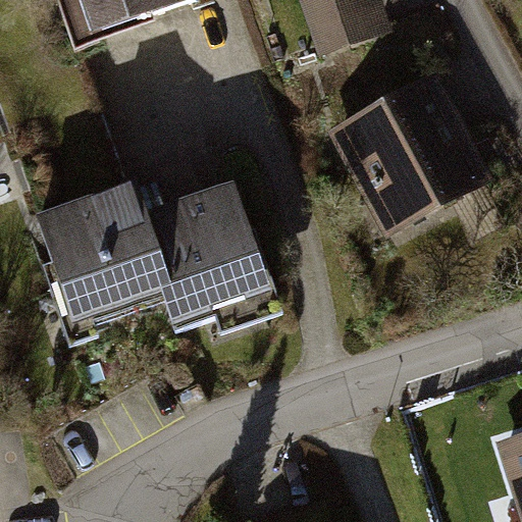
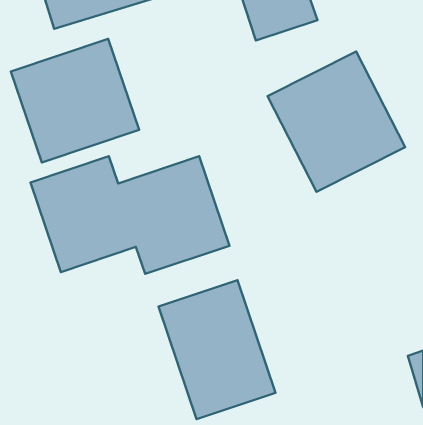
building: none -> [11,39,139,162]
building: none -> [158,280,275,419]

